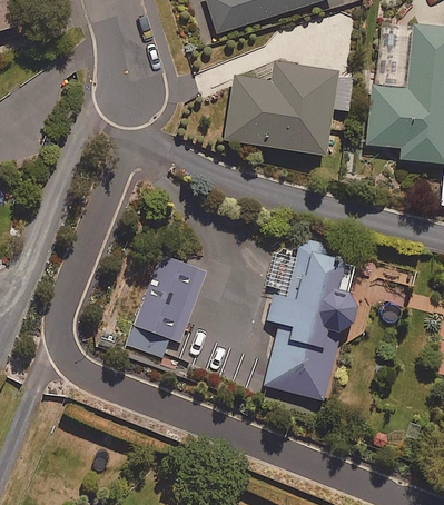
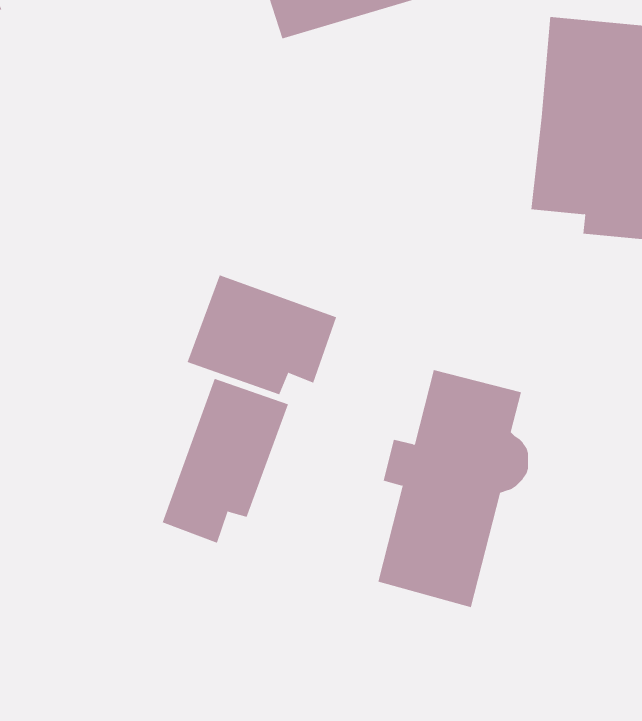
building: [223,61,334,154] -> none
building: none -> [187,274,337,395]

